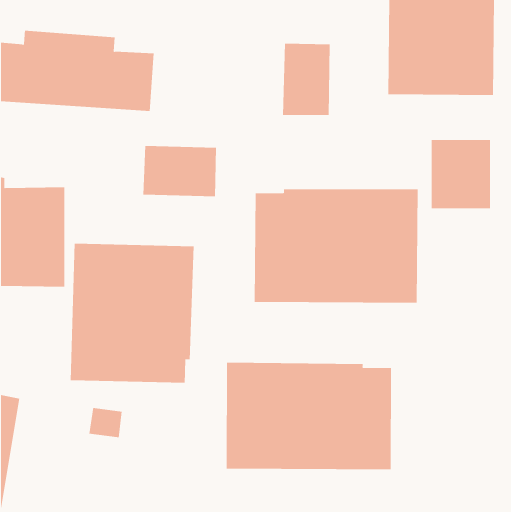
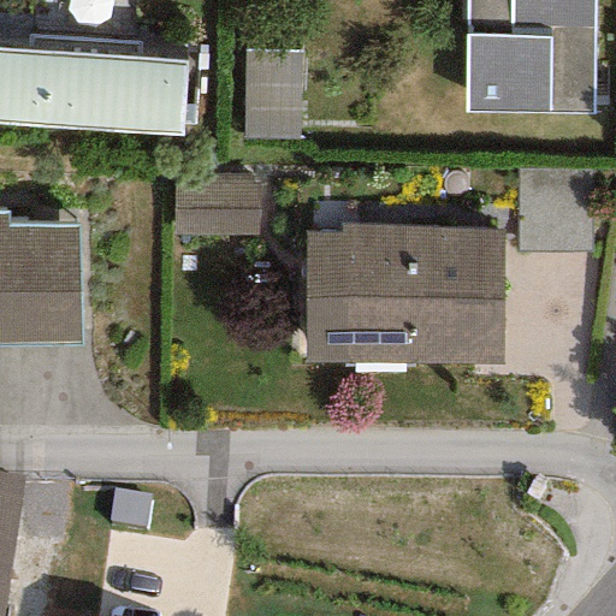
building: [282,43,330,116] -> [244,52,302,138]
building: [70,243,194,384] -> none
building: [226,362,391,470] -> none

